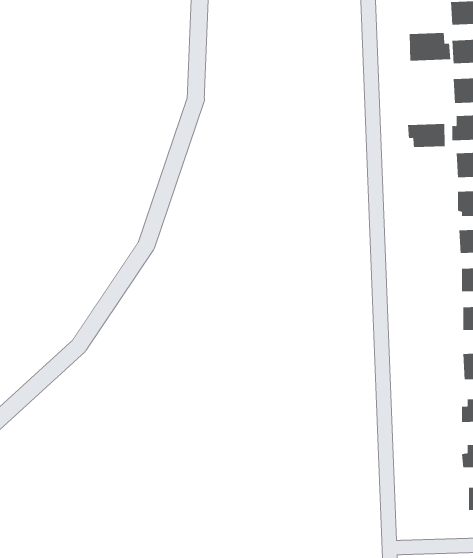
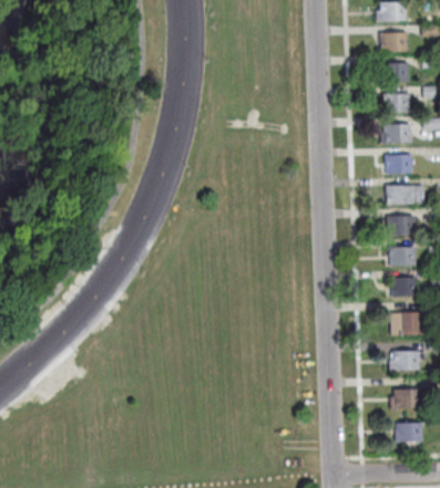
building: [409,32,451,61] -> none
building: [408,123,445,148] -> none

